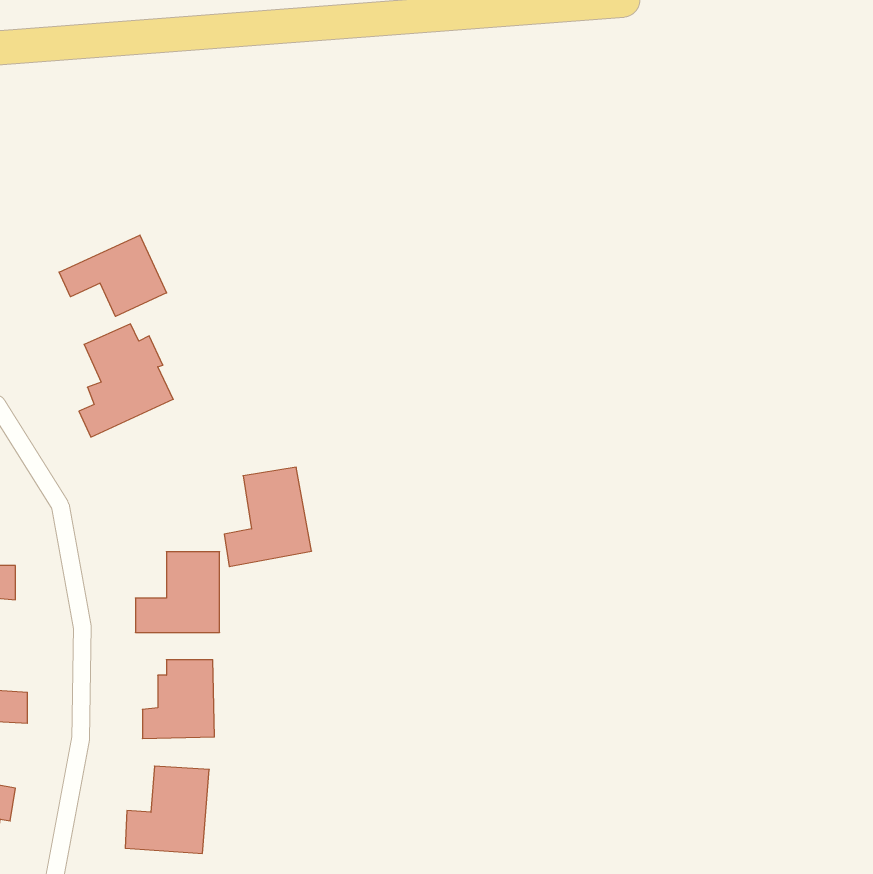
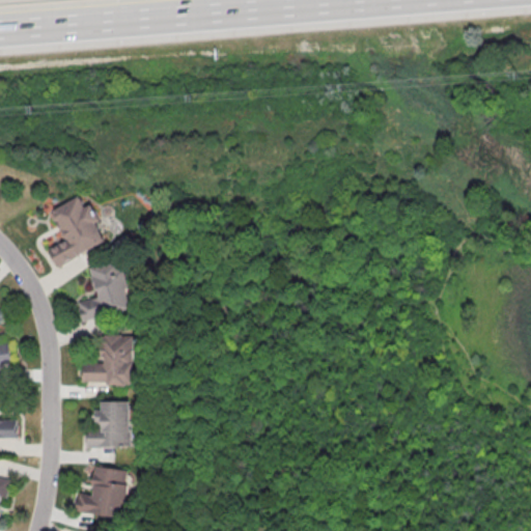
building: [59,235,167,316] -> none
building: [224,467,312,567] -> [78,260,131,320]

